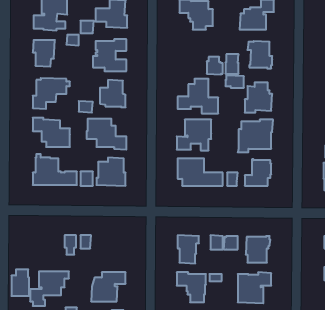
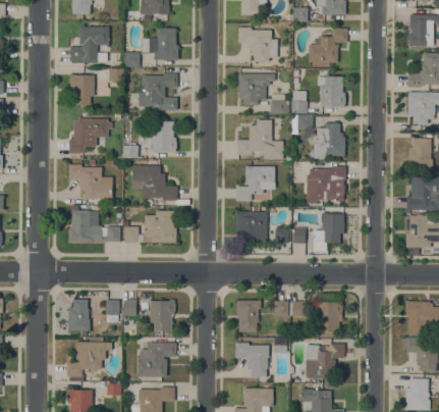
building: none -> [238,73,275,105]
building: none -> [150,300,175,330]
building: [11,269,29,296] -> [68,300,89,330]

